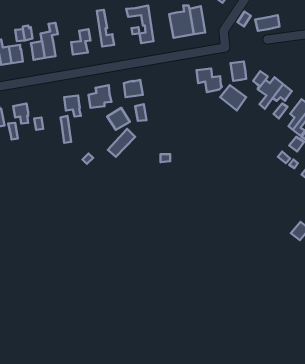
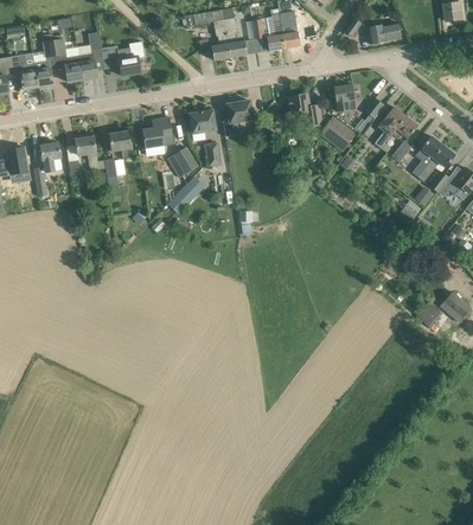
building: [97,10,114,47] -> [223,7,247,57]
building: none -> [222,100,253,135]
building: none -> [75,136,106,169]

